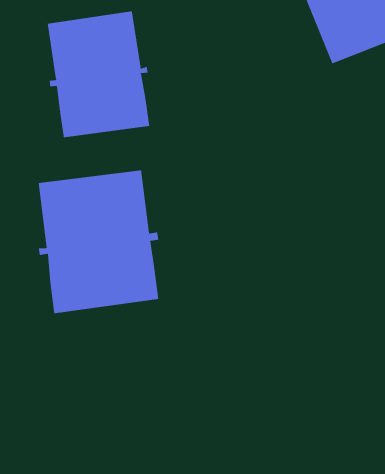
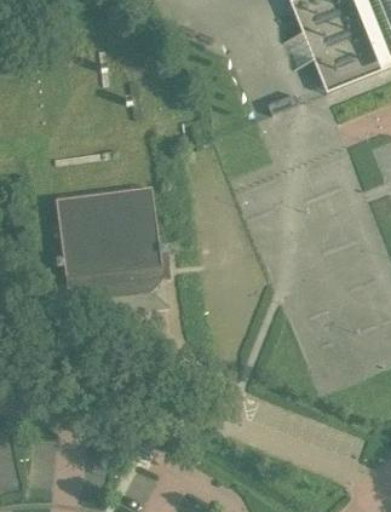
building: [47,11,150,138] -> none

